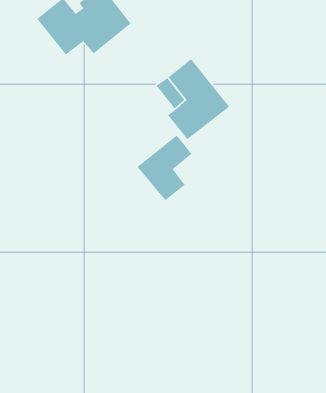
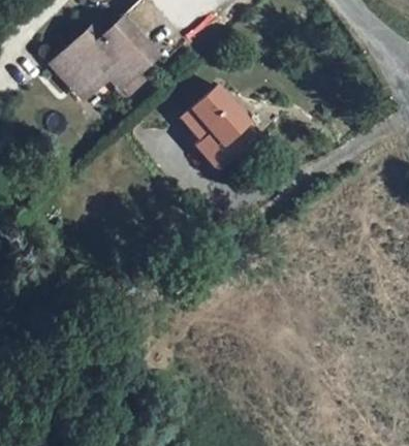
building: [136,134,192,201] -> none

